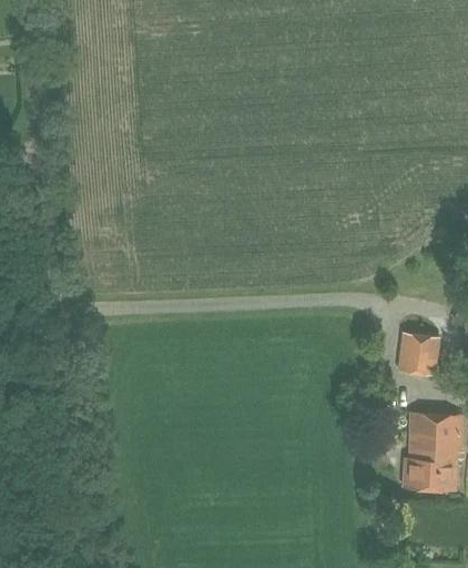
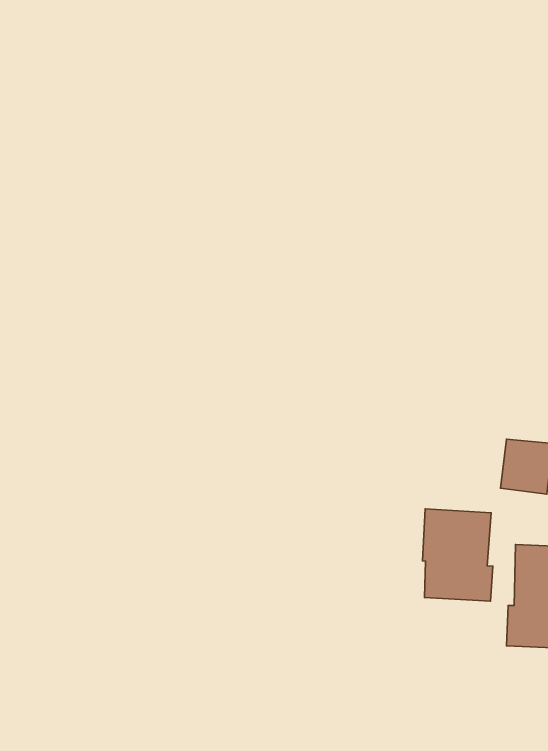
building: none -> [423,509,493,601]

